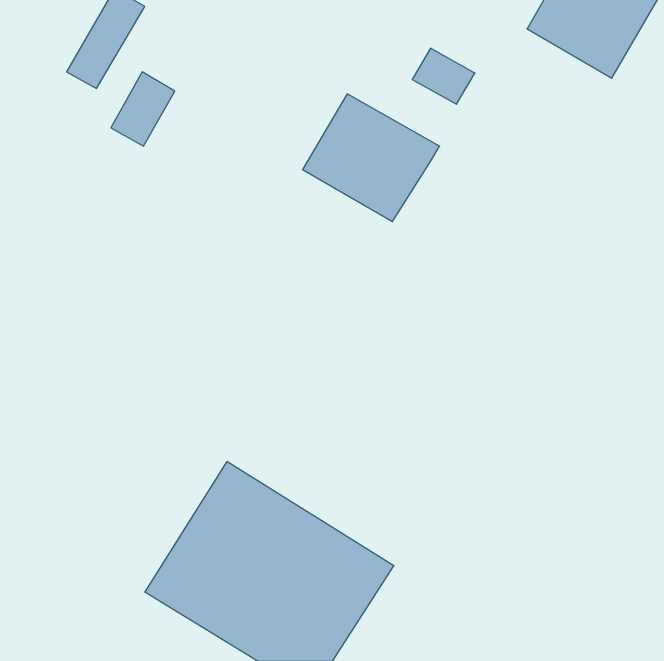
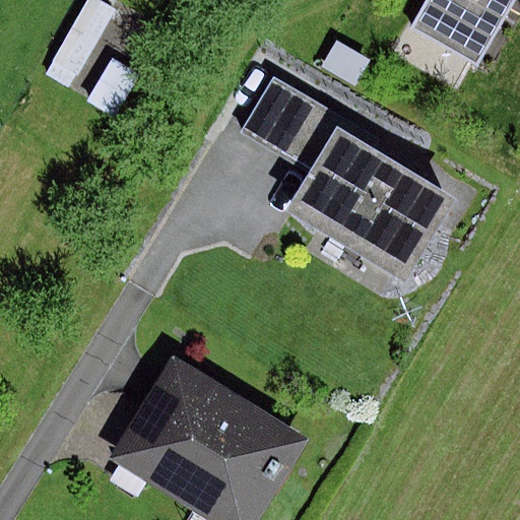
building: none -> [285,126,453,280]

